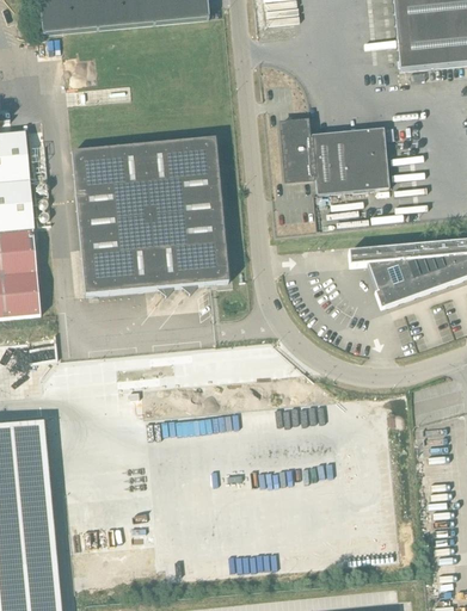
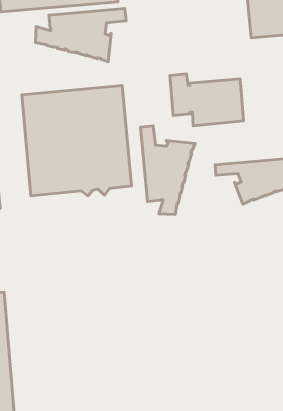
building: none -> [36,8,126,62]
building: none -> [141,126,195,214]

